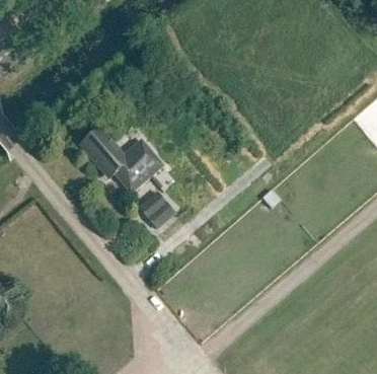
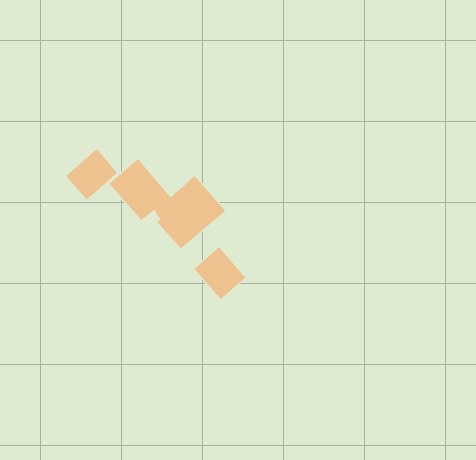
building: none -> [65,148,118,201]

